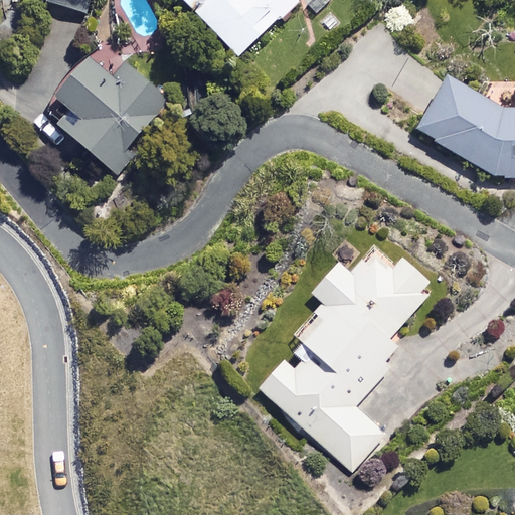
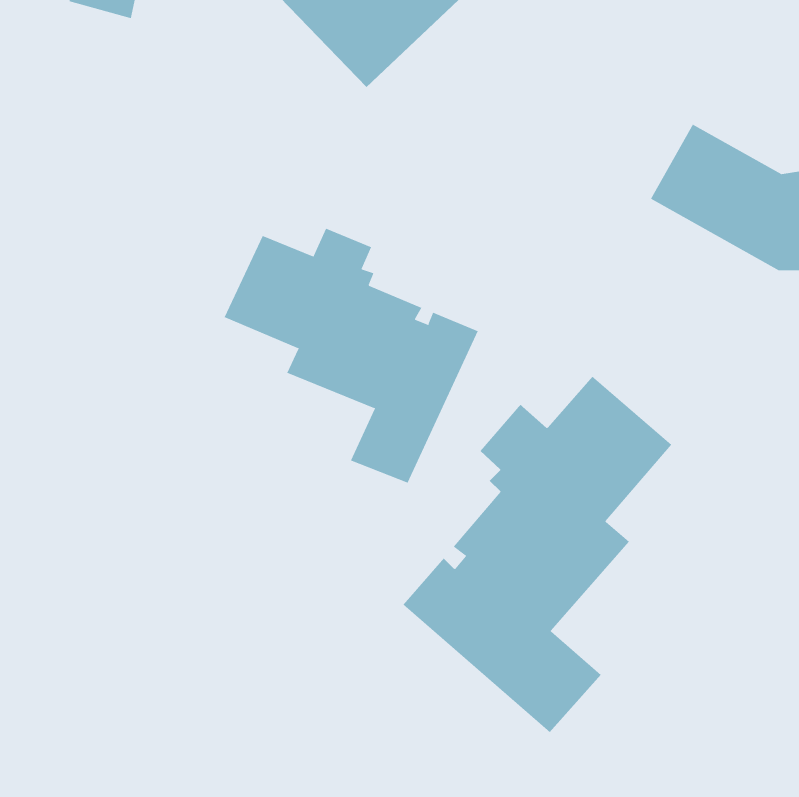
building: [52,58,172,173] -> none
building: none -> [224,228,478,484]

